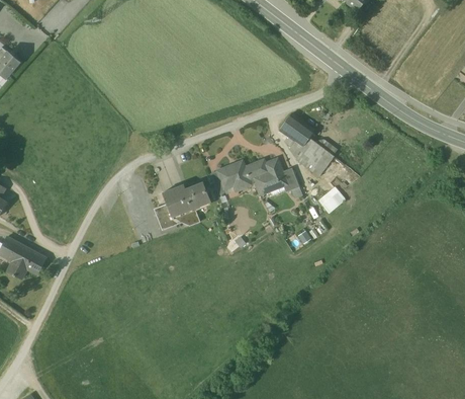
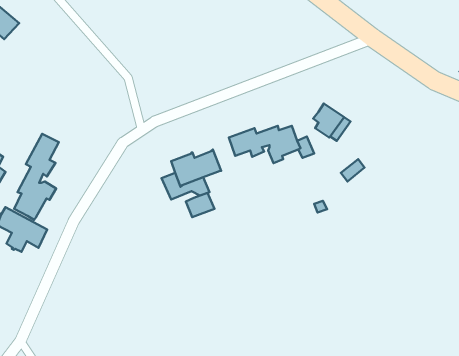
building: [279,112,313,146] -> none
building: none -> [14,134,59,220]
building: none -> [186,193,215,217]

